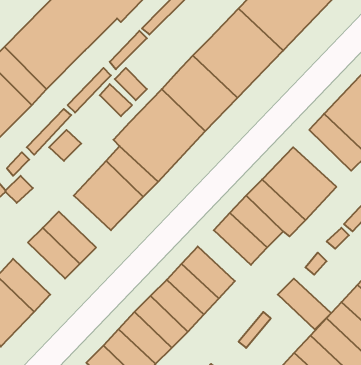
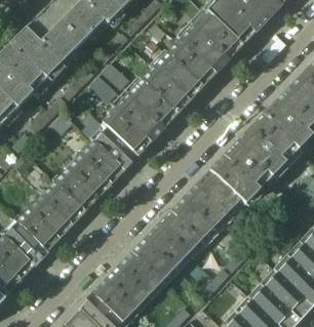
building: none -> [249,115,298,162]
building: none -> [55,169,99,212]
building: none -> [17,208,61,251]
building: [278,279,331,329] -> [170,198,214,240]

